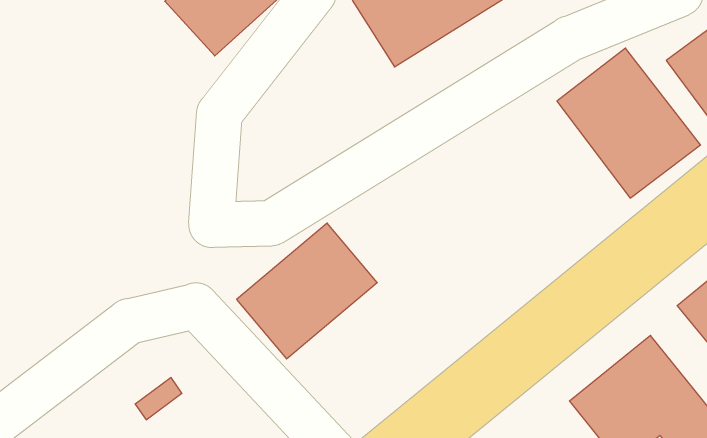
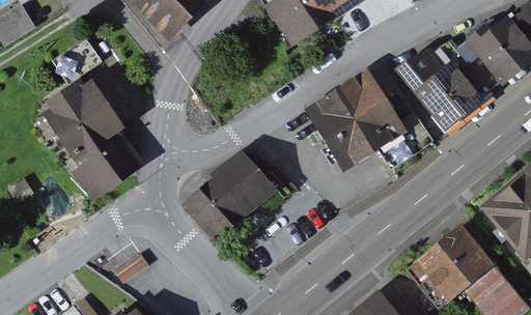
building: none -> [306,70,407,171]
building: none -> [37,81,141,198]

